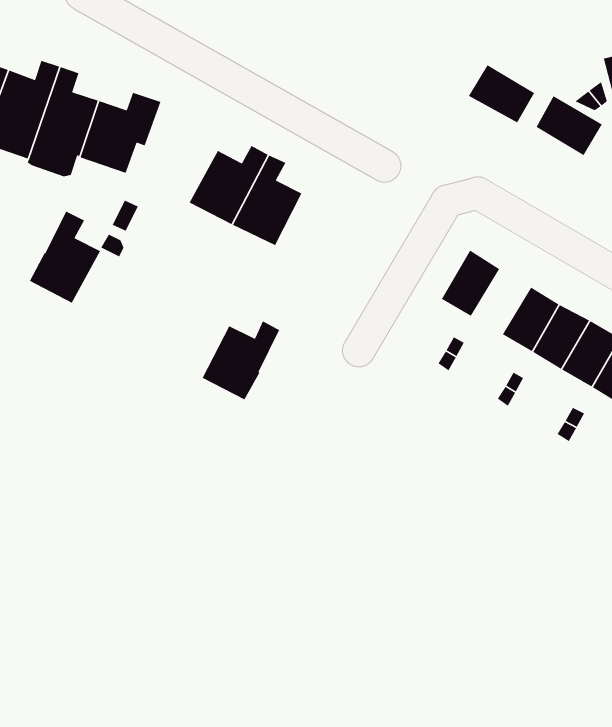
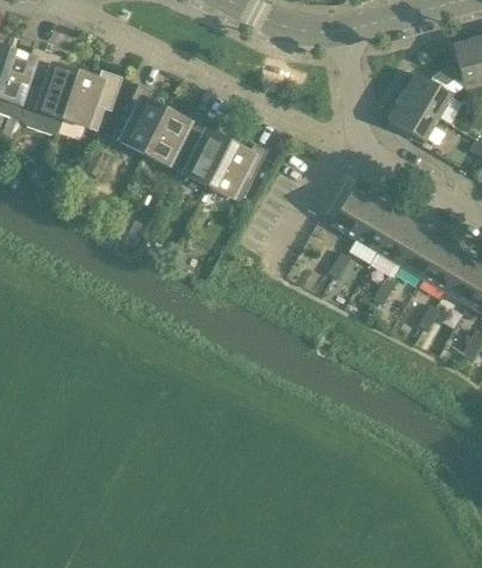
building: [468,64,535,124] -> [388,96,439,140]
building: [29,211,101,304] -> [112,83,165,152]
building: none -> [355,201,399,250]
building: [202,320,280,401] -> [209,141,267,201]

